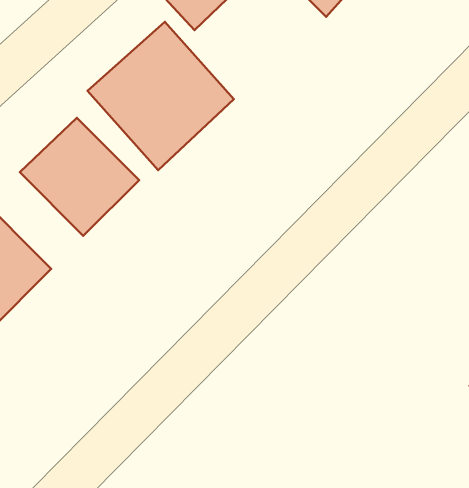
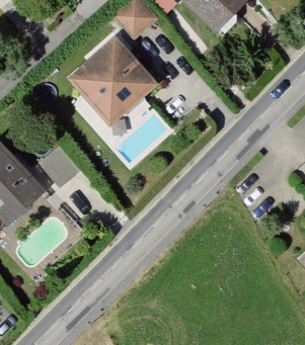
building: [20,118,139,236] -> none

